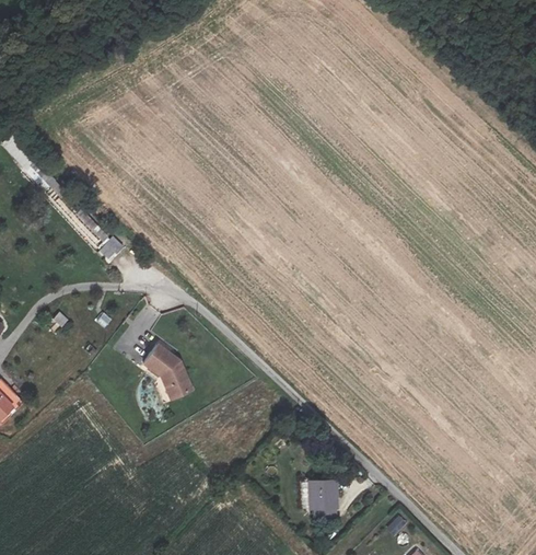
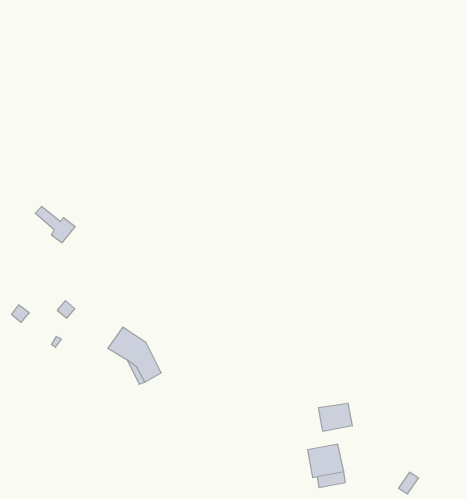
building: none -> [319,403,352,431]

